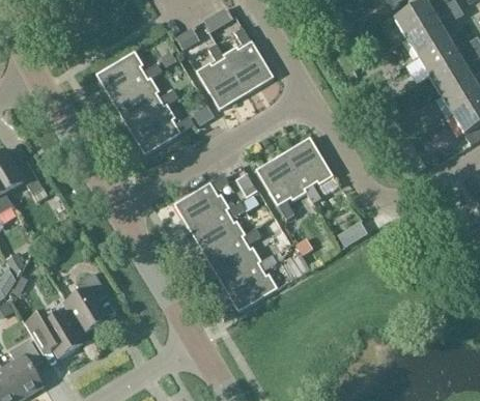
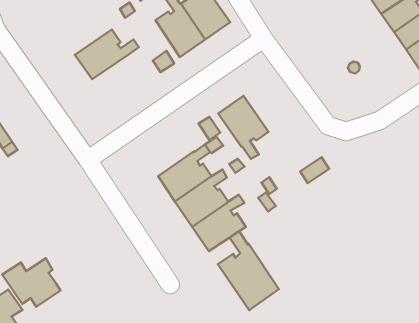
building: [96,50,163,101] -> none
building: [129,104,195,153] -> none
building: [283,136,334,202] -> none
building: [174,174,229,230] -> none
building: [65,271,108,335] -> none
building: none -> [218,231,279,310]

